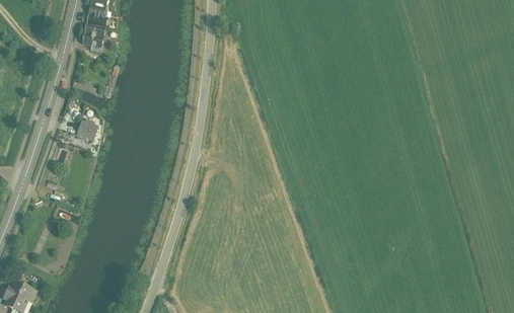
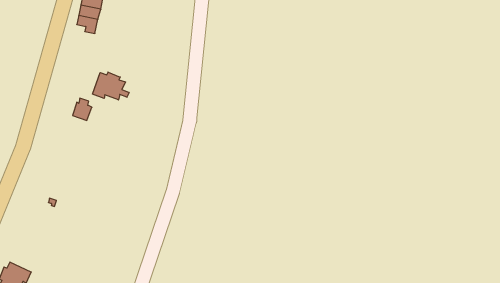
building: none -> [93,72,129,100]

